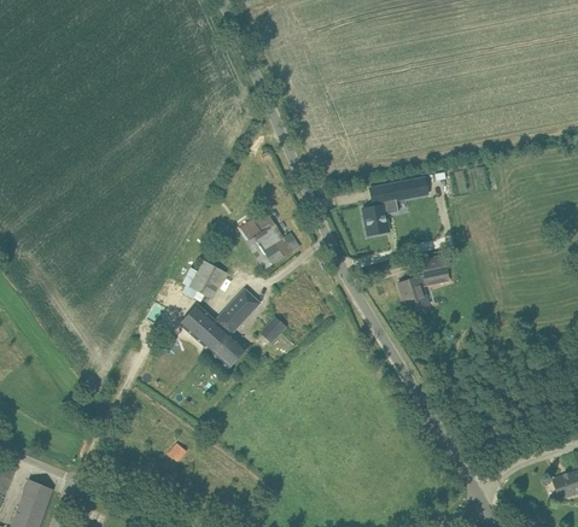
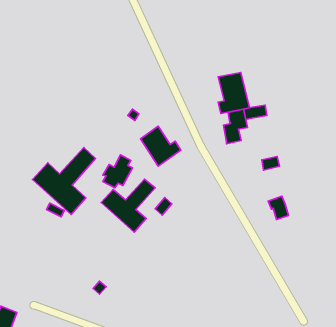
building: none -> [218,72,250,113]
building: none -> [33,147,95,214]
building: [398,275,428,310] -> [268,196,288,220]

